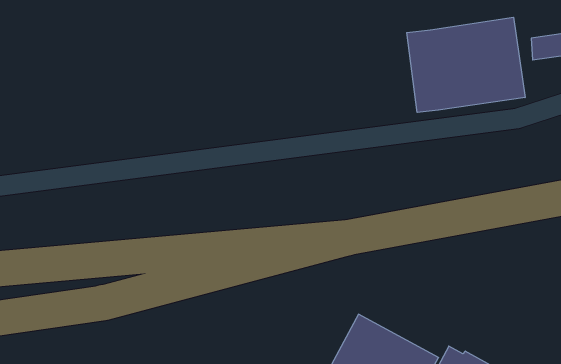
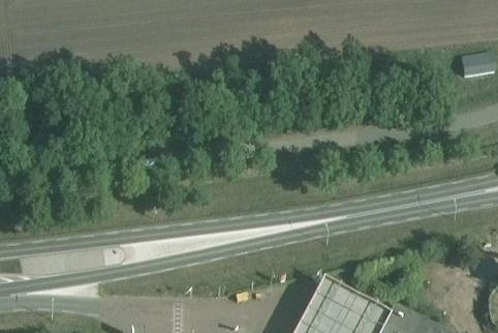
building: [407,17,525,112] -> none

